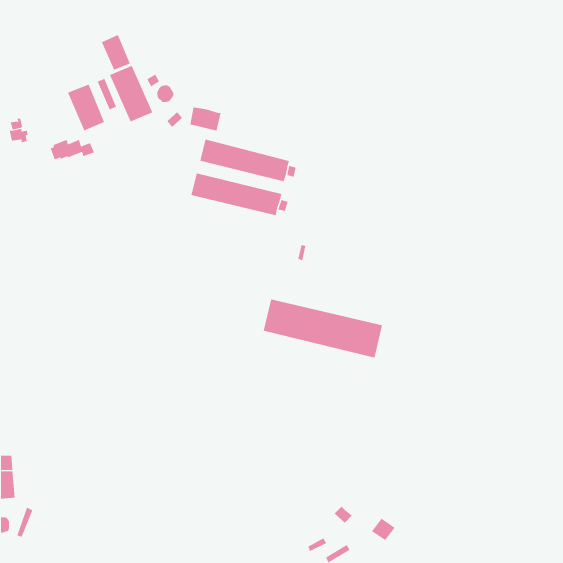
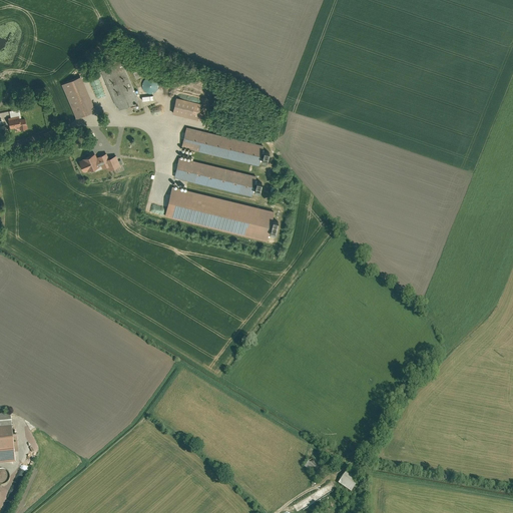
building: [101,34,130,71] -> none
building: [50,139,95,160] -> [79,154,120,173]
building: [263,299,383,358] -> [164,187,274,241]

